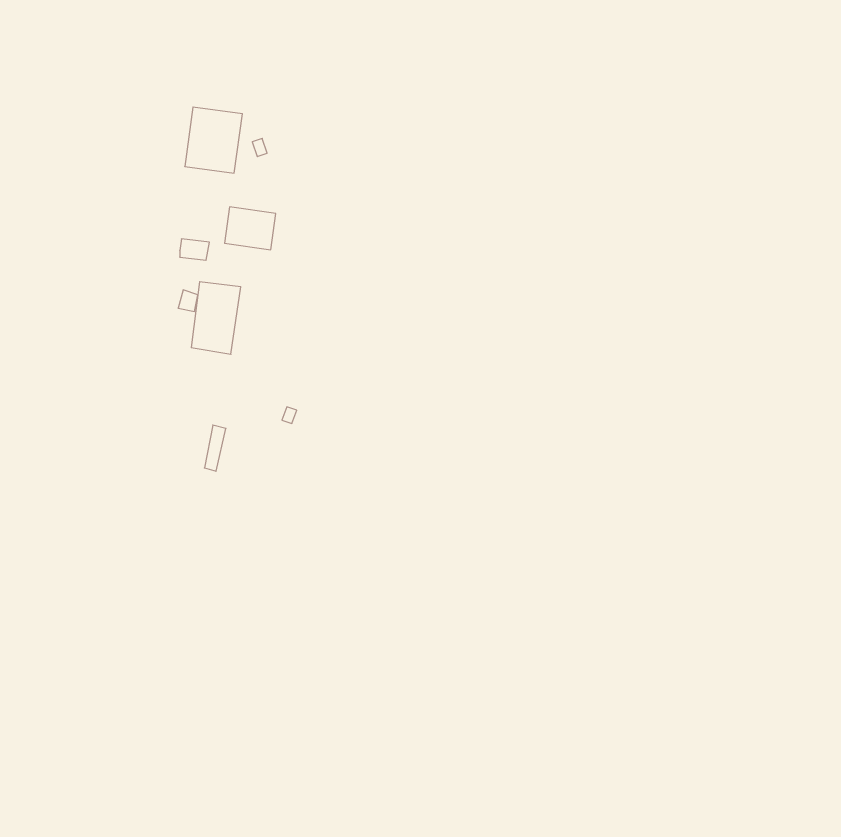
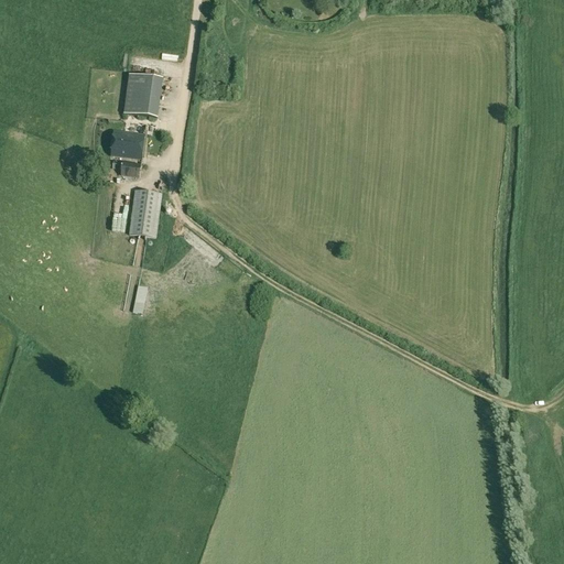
building: [225,207,276,250] -> [110,129,144,158]

